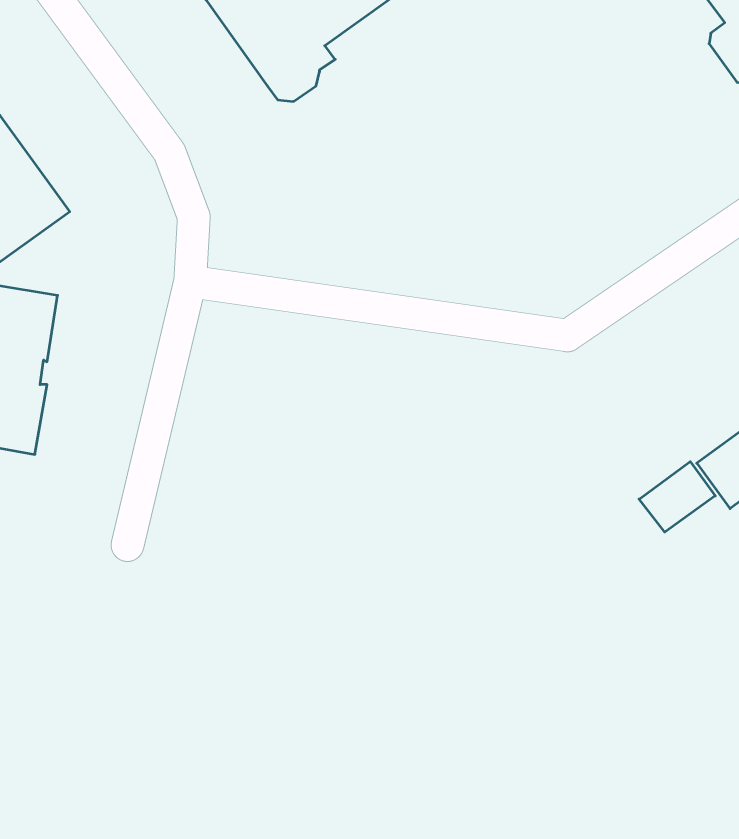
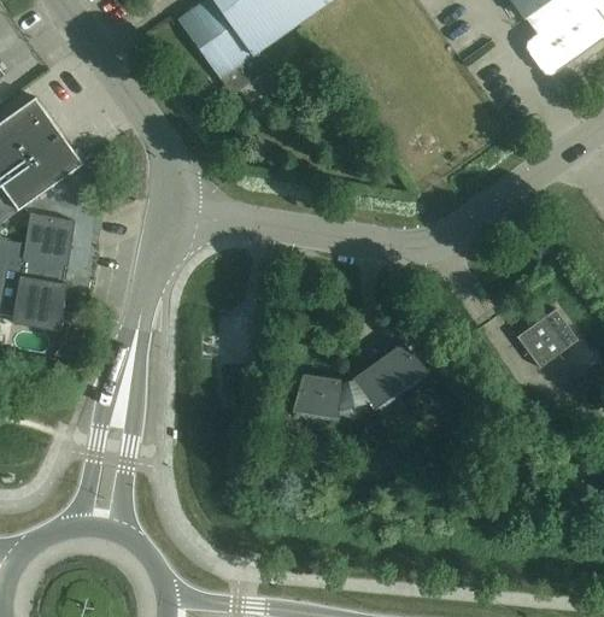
building: [639,462,715,532] -> none
building: none -> [298,342,422,417]

